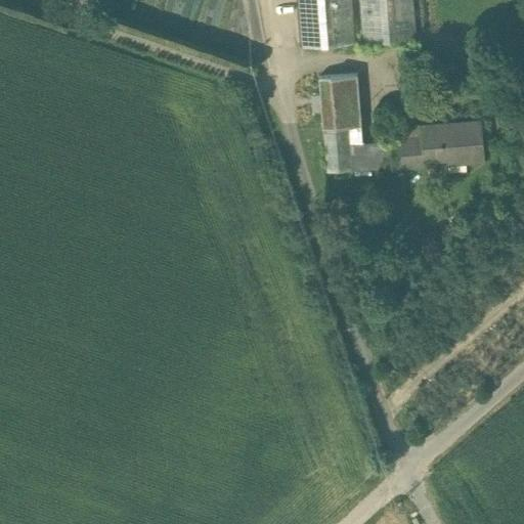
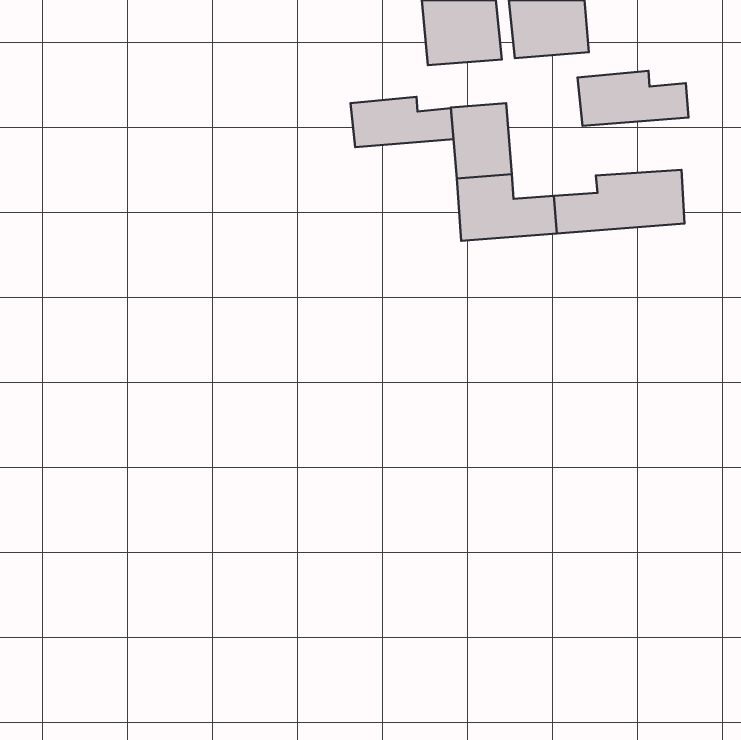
building: none -> [577,71,689,126]
building: none -> [350,97,454,147]

